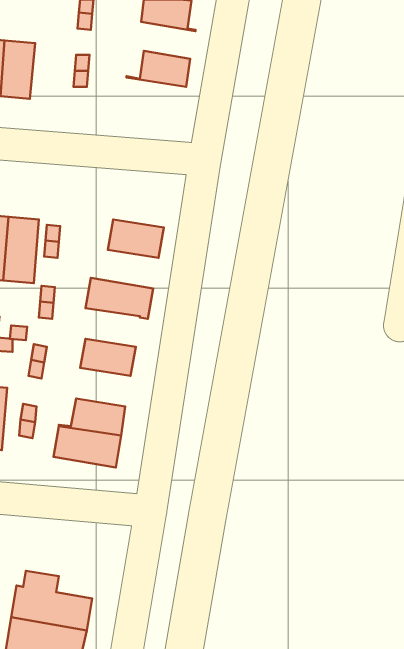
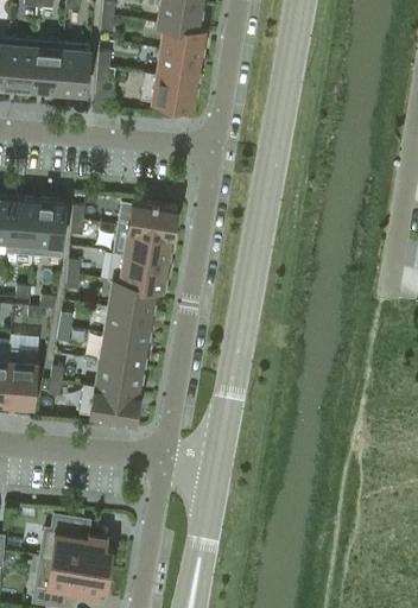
building: none -> [157,24,207,57]
building: none -> [58,43,91,95]
building: none -> [140,74,198,109]
building: none -> [113,228,173,262]
building: none -> [108,280,157,315]
building: none -> [100,334,148,368]

